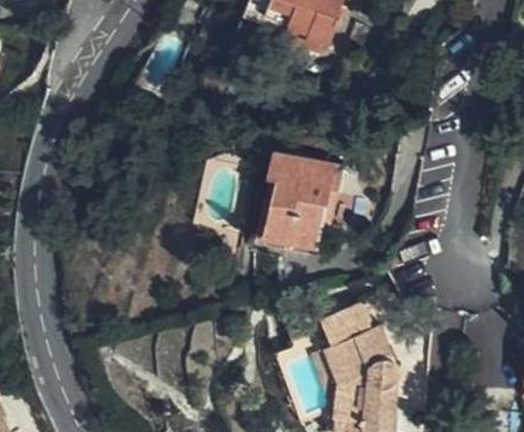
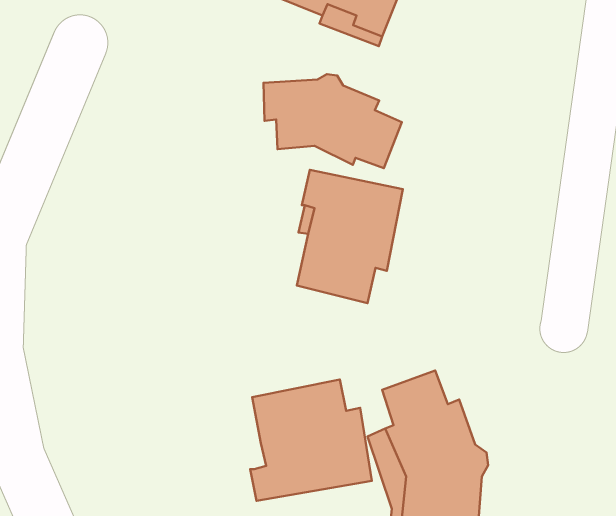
building: none -> [264,74,402,168]
building: none -> [250,379,372,501]

